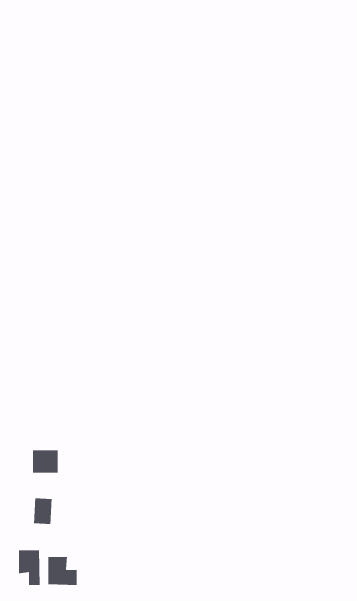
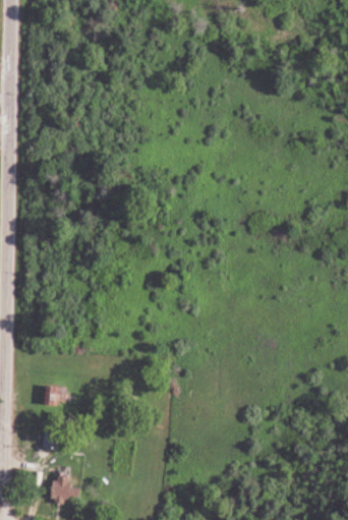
building: [18,550,41,586] -> none

